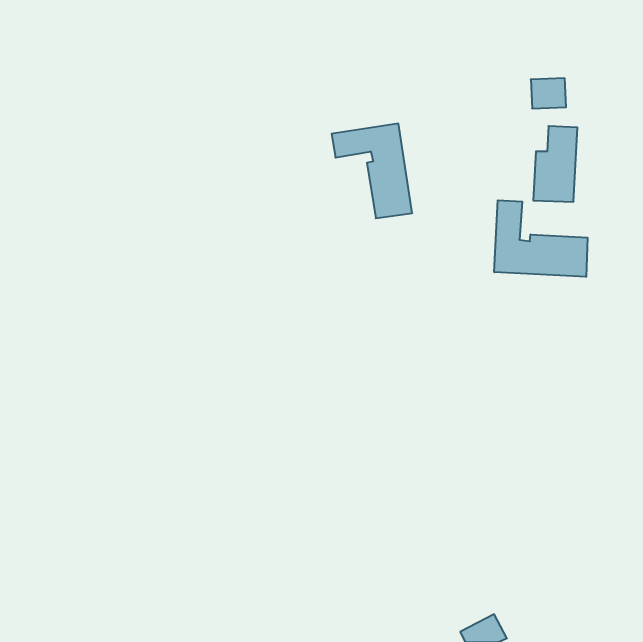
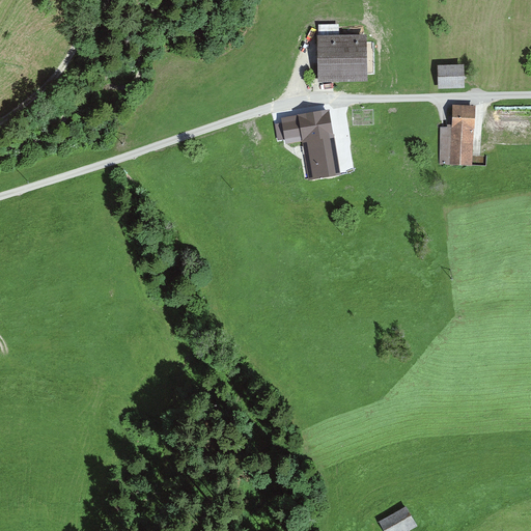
building: none -> [314,33,366,82]
building: [494,200,587,277] -> none

